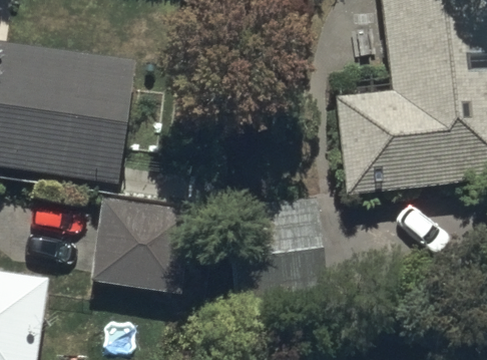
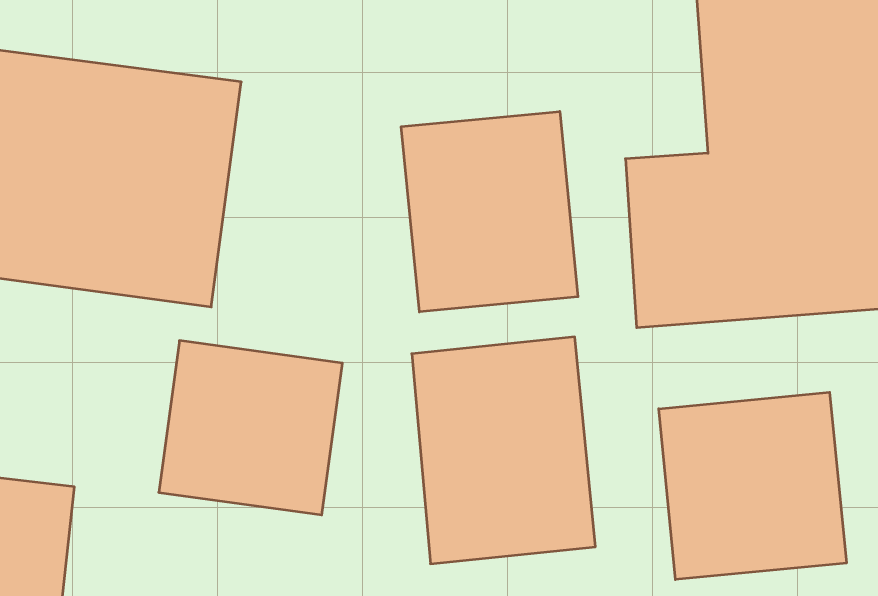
building: none -> [401,111,578,312]
building: none -> [659,392,846,580]

